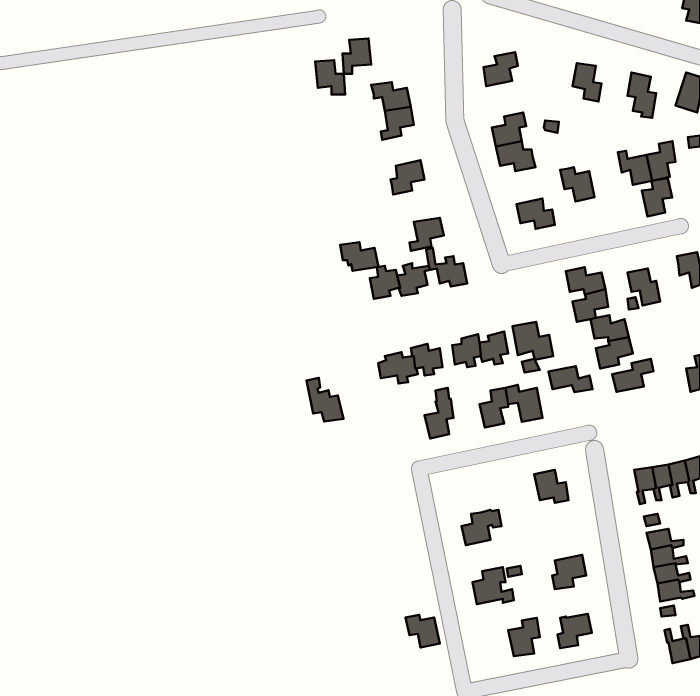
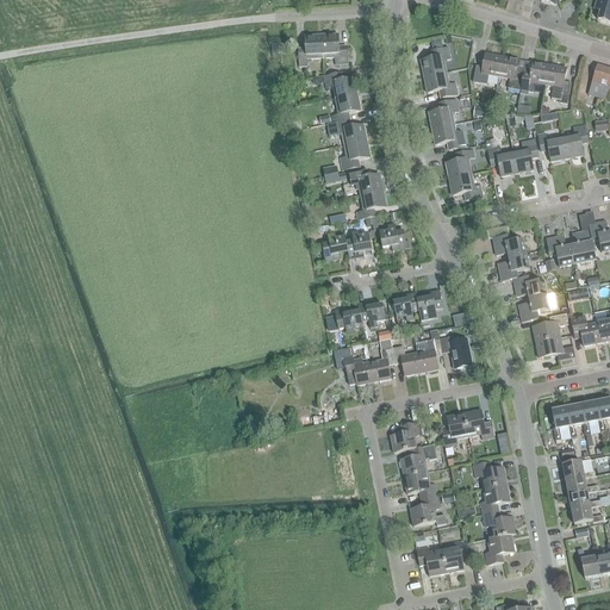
building: none -> [473,51,502,82]
building: [315,60,345,95] -> [320,32,347,62]
building: none -> [521,60,549,91]
building: none -> [423,70,458,97]
building: none -> [332,118,366,144]
building: none -> [446,148,474,178]
building: [642,178,672,217] -> [512,138,539,172]
building: [340,242,379,271] -> [349,168,382,193]
building: none -> [571,229,596,262]
building: [513,322,553,360] -> none
building: none -> [571,315,600,344]
building: [549,366,592,392] -> [536,336,574,359]
building: [306,378,343,422] -> [342,346,374,384]
building: none -> [392,344,422,375]
building: none -> [442,412,469,444]
building: none -> [392,419,421,452]
building: none -> [473,461,506,487]
building: none -> [405,469,437,497]
building: none -> [483,510,516,537]
building: [405,615,440,648] -> [417,546,447,574]

